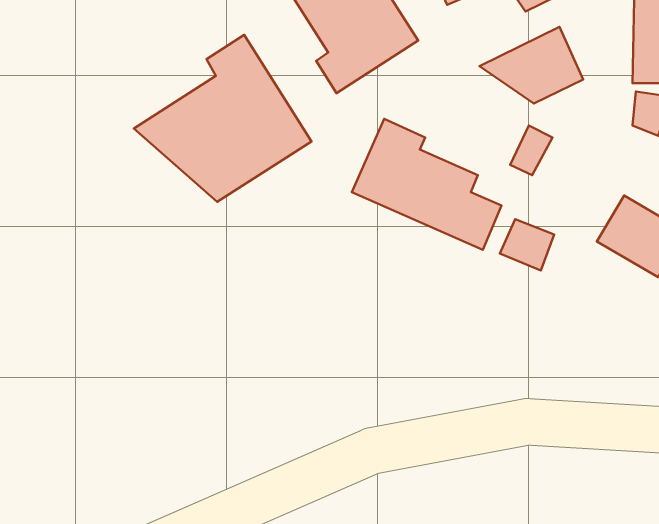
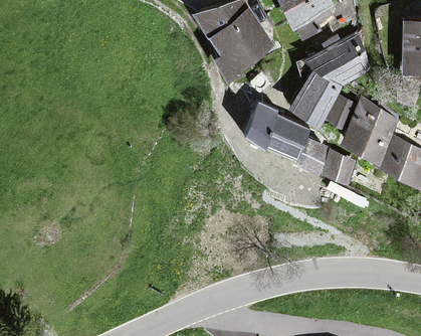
building: [134,35,312,202] -> none
building: none -> [289,72,339,126]
building: none -> [340,102,396,164]

